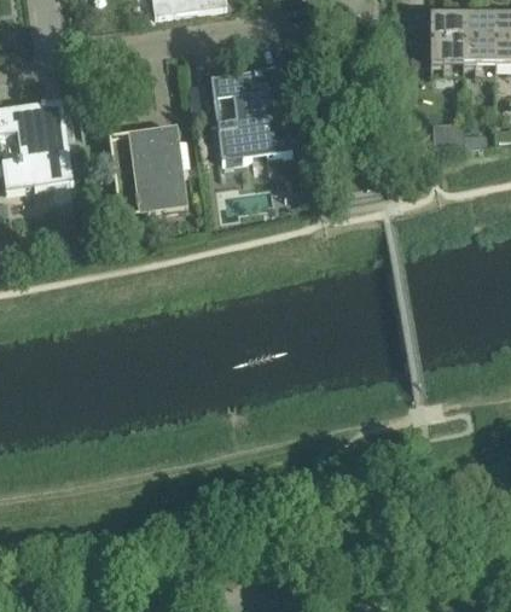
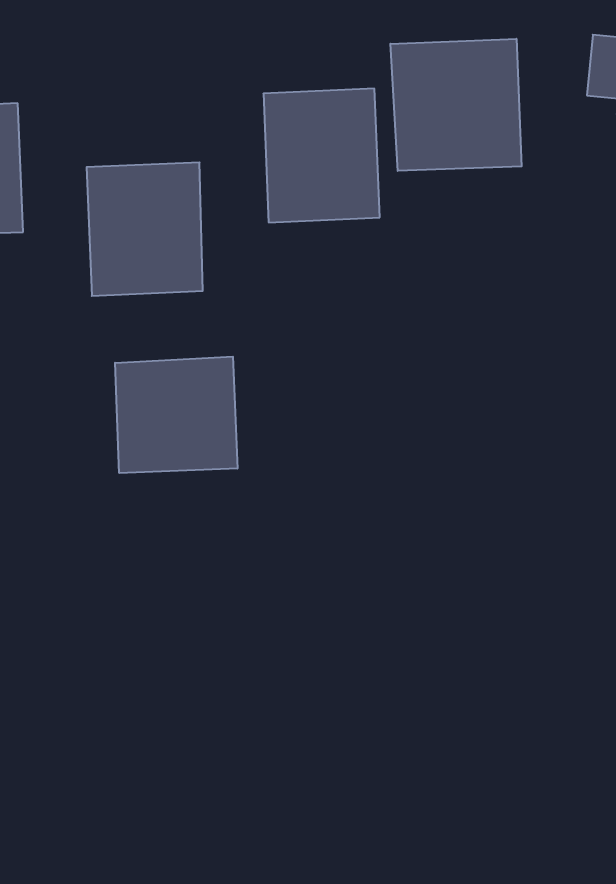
building: none -> [390,39,522,171]
building: none -> [115,357,237,473]

